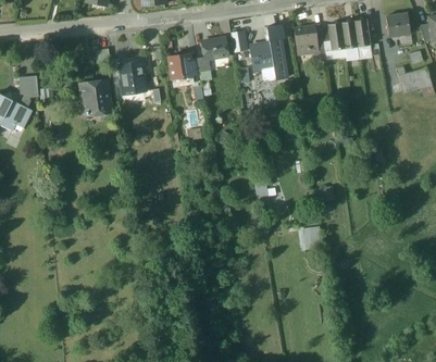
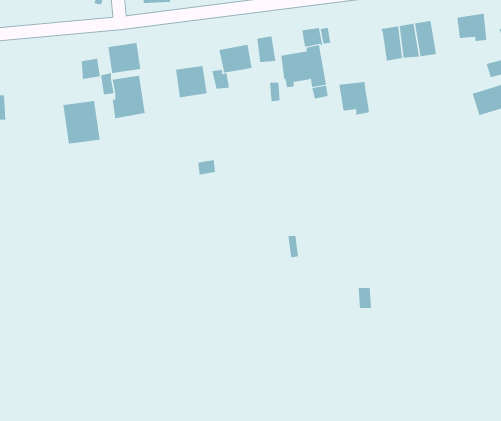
building: [295,26,319,52] -> [338,82,369,115]
building: none -> [108,42,141,74]

